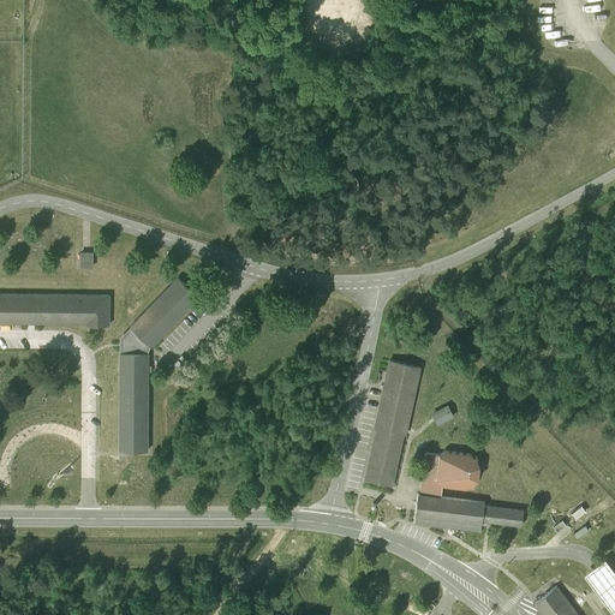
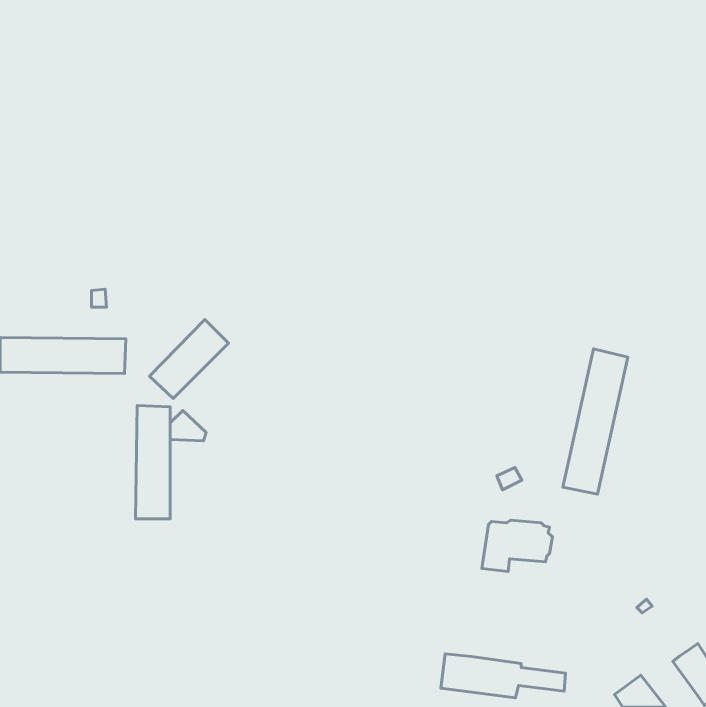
building: [120,327,151,353] -> [170,411,206,441]
building: [364,360,420,486] -> [563,349,628,494]
building: [416,494,524,532] -> [441,654,565,698]

